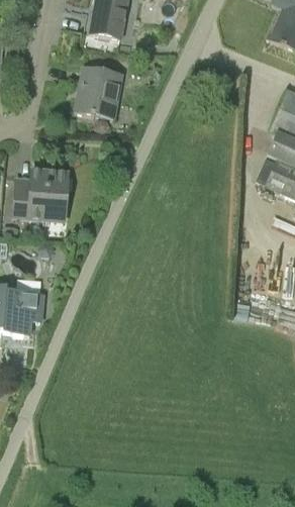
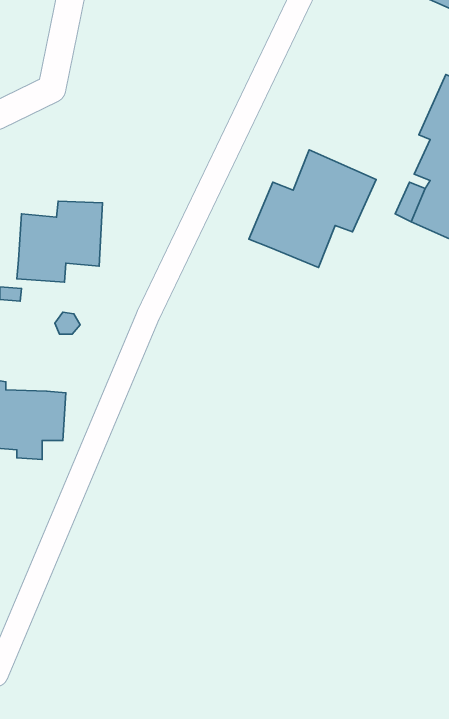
building: [75,66,123,119] -> none
building: none -> [249,150,376,268]

